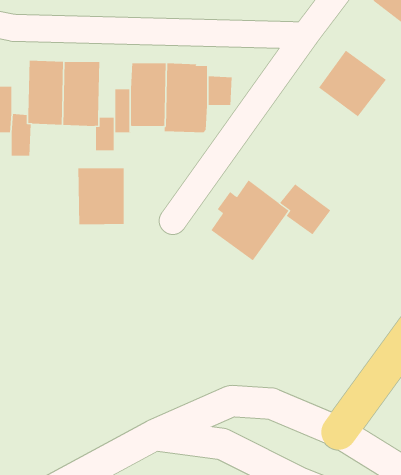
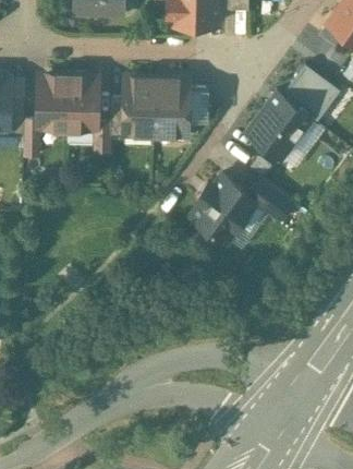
building: none -> [244,94,309,160]
building: [78,168,124,225] -> none

